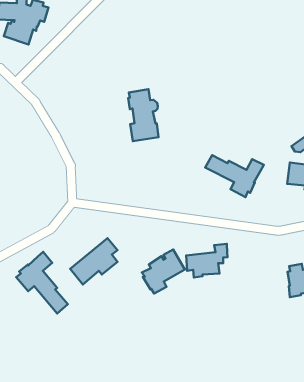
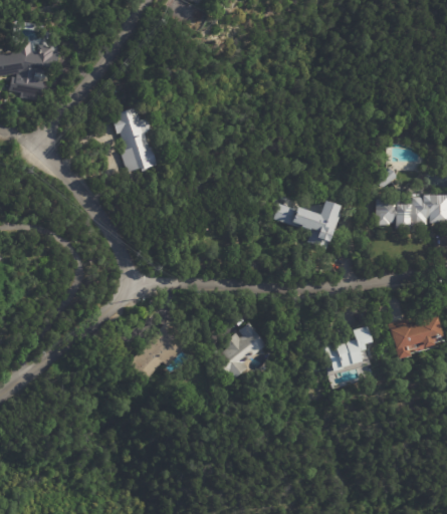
building: [128,89,158,141] -> [106,105,150,171]
building: [186,244,227,277] -> [324,326,375,372]
building: [16,252,68,314] -> none

